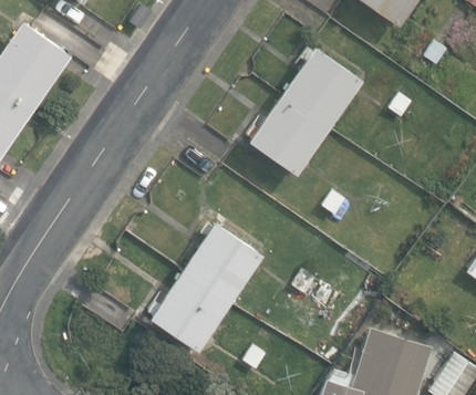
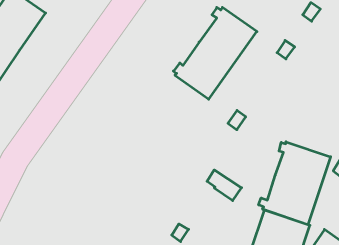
building: [147,221,262,351] -> none
building: none -> [259,142,331,225]

